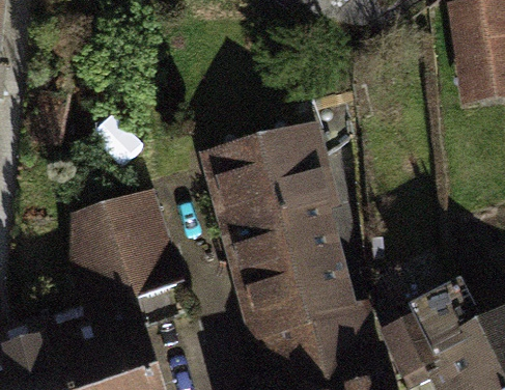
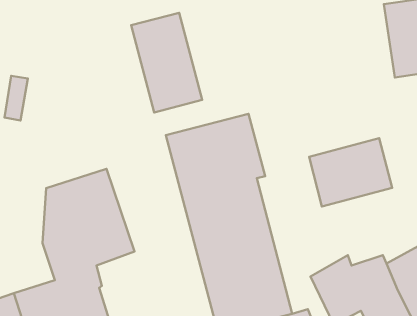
building: none -> [131,13,202,112]
building: none -> [309,138,392,206]

